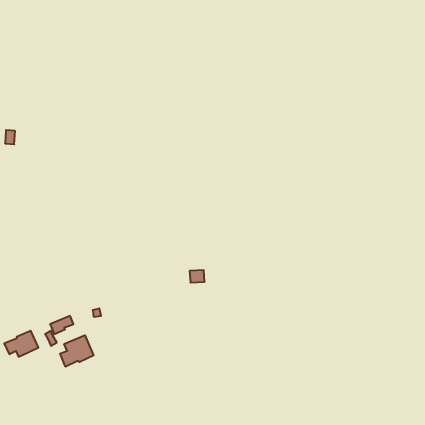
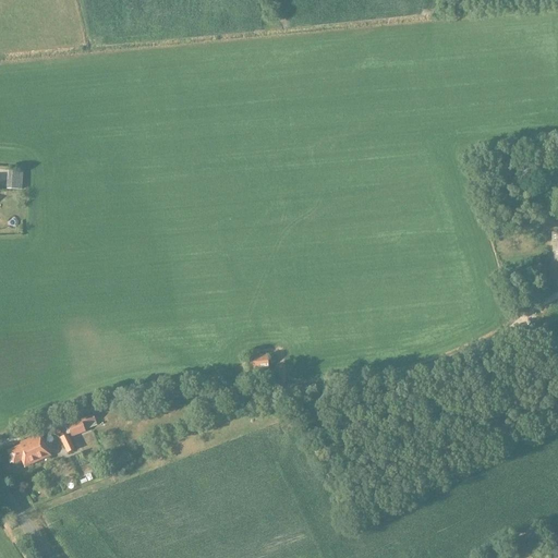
building: [60,335,94,367] -> none

